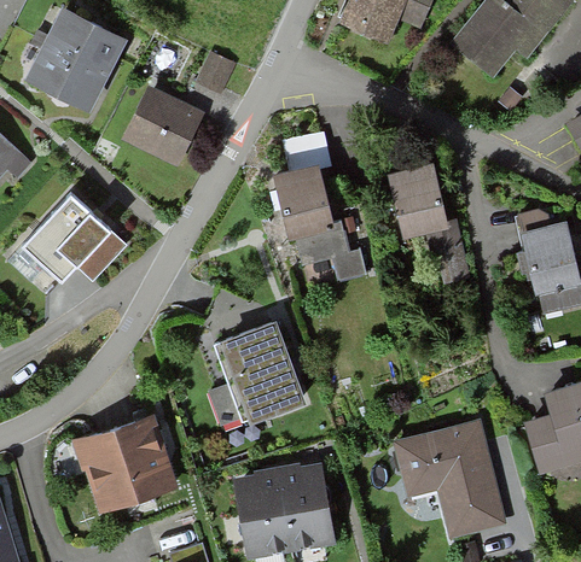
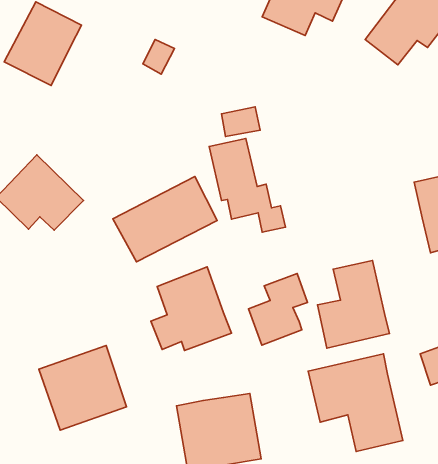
building: [124,82,205,162] -> none
building: [389,165,452,246] -> none
building: none -> [113,177,217,262]
building: none -> [317,261,390,348]
building: none -> [249,273,307,345]

